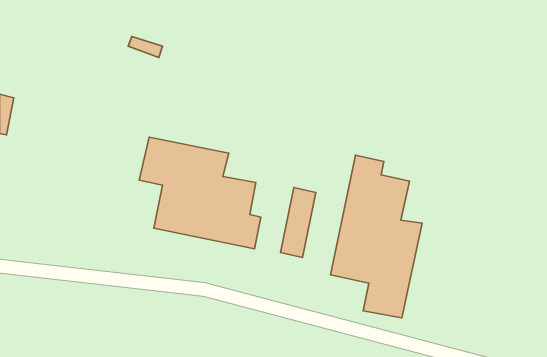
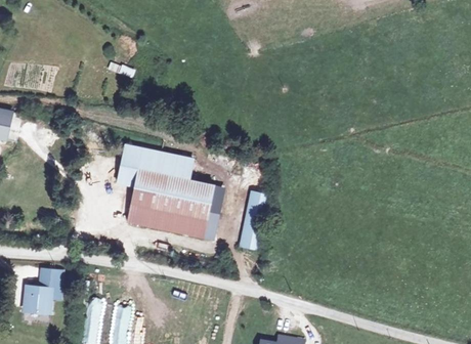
building: [331,155,422,318] -> none
building: none -> [19,269,61,320]

